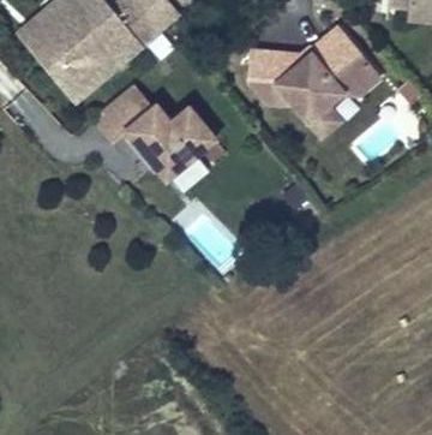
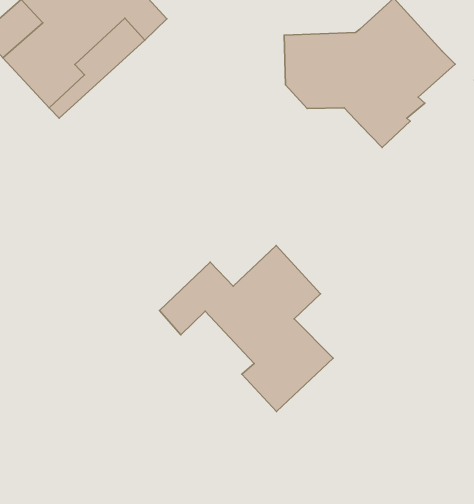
building: [92,83,216,180] -> none
building: none -> [159,245,333,412]

